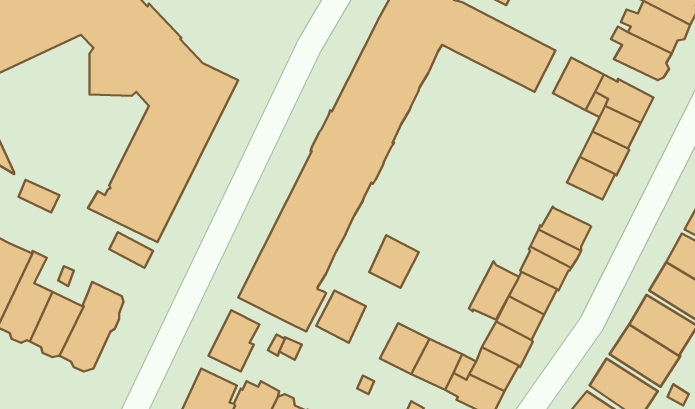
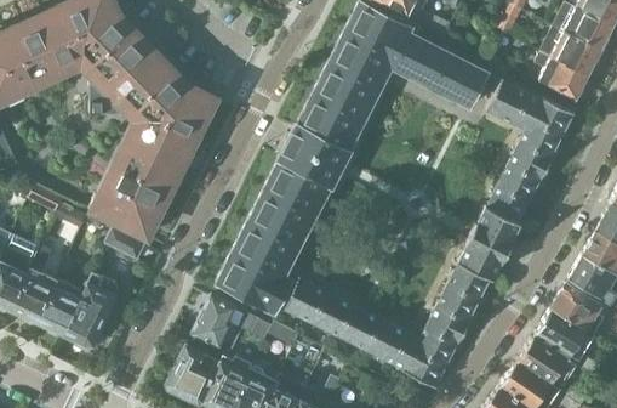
building: none -> [487,186,529,222]
building: [369,235,419,288] -> [312,291,354,336]
building: [469,261,518,320] -> none

